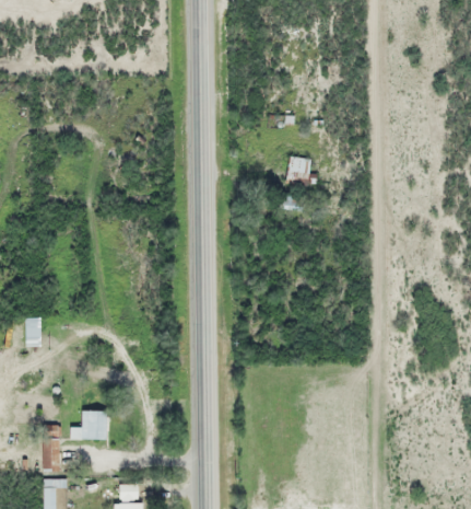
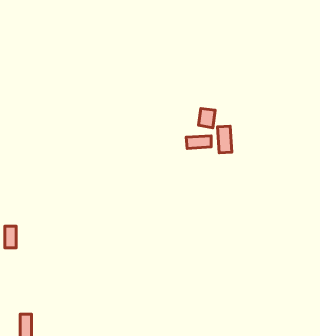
building: none -> [217,126,232,153]
building: [72,409,107,439] -> none

